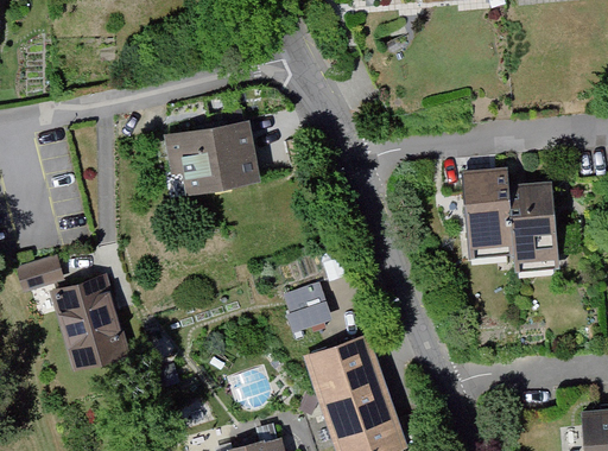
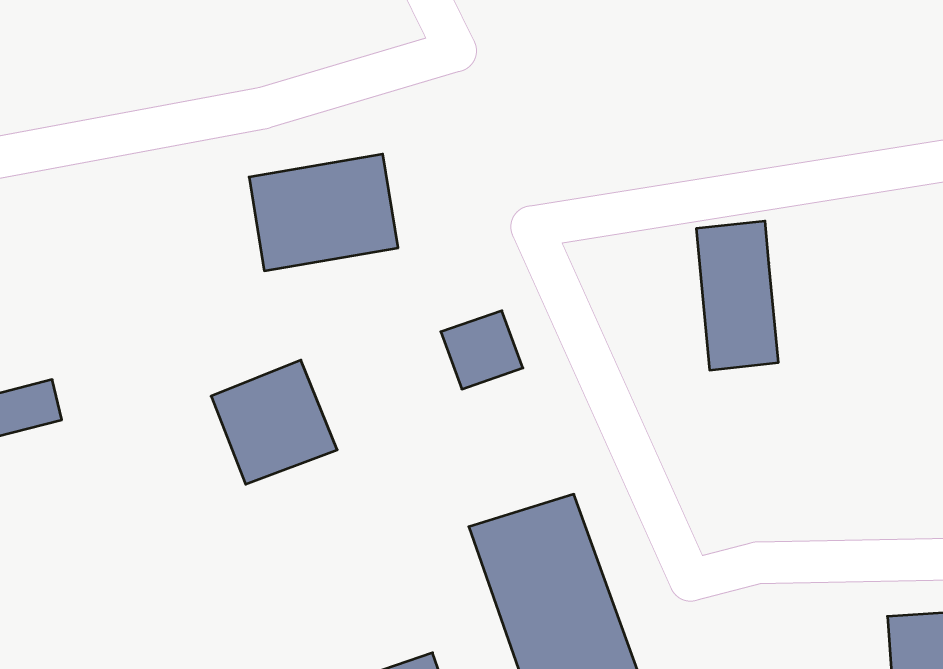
building: [494,186,543,280] -> none
building: [55,272,133,349] -> [211,360,337,484]
building: [280,280,331,329] -> [441,311,523,389]

